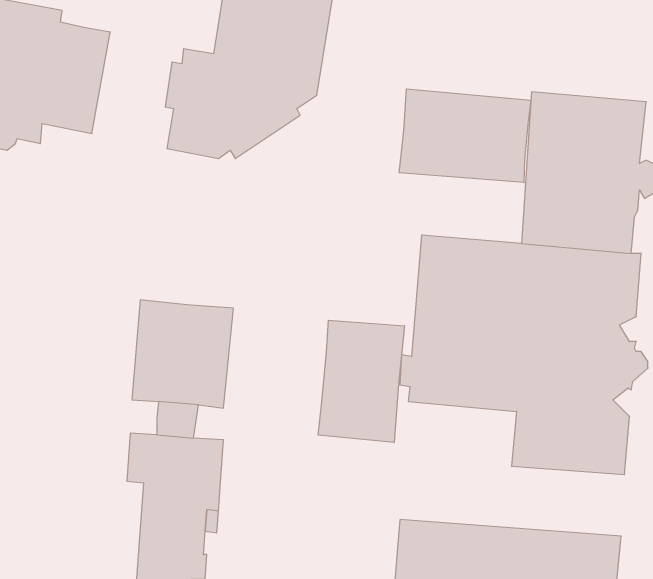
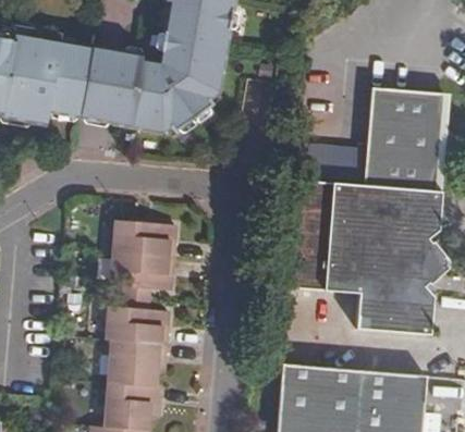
building: none -> [82,46,143,123]
building: [399,89,531,183] -> none
building: [318,320,404,443] -> none

